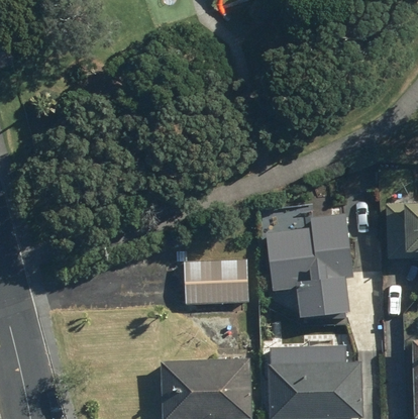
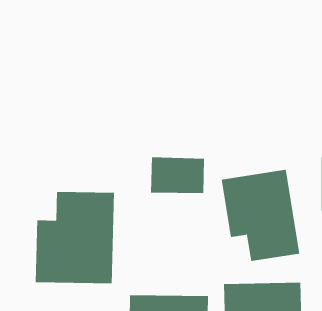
building: none -> [35,191,114,284]
building: [185,261,249,305] -> [150,157,205,194]

